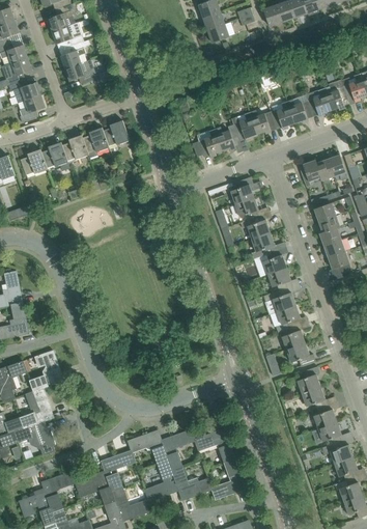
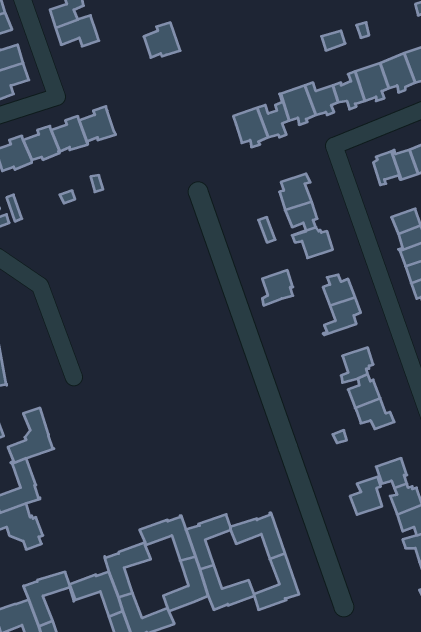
building: [103,120,130,146] -> [144,23,180,58]
building: [251,233,274,259] -> [262,270,293,305]
building: [263,288,295,312] -> none
building: [297,366,320,394] -> [350,477,382,515]

